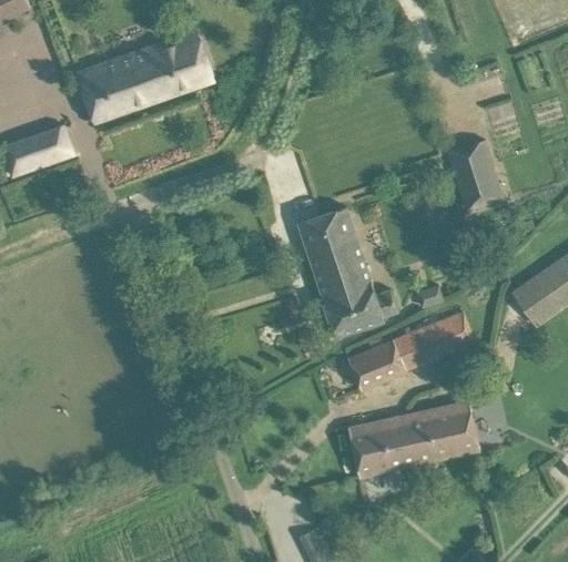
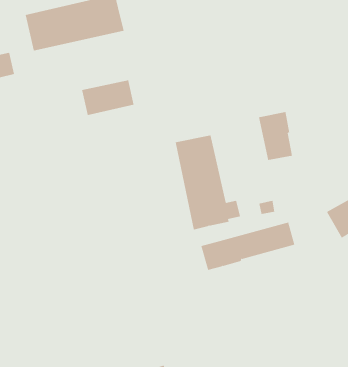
building: [449,141,501,210] -> [258,111,293,160]
building: none -> [81,80,134,116]
building: [348,401,480,478] -> none

